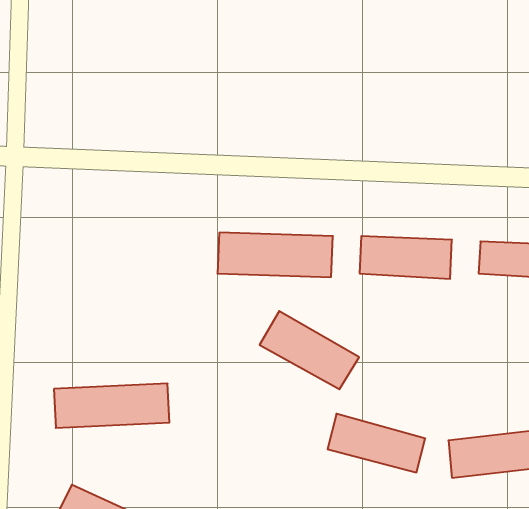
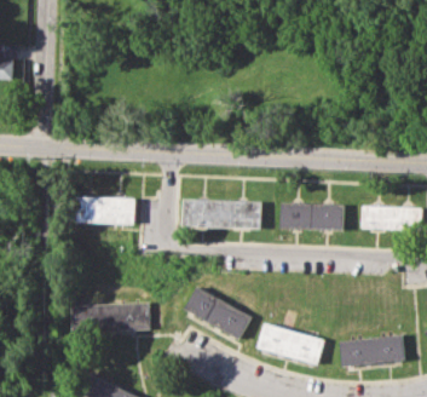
building: none -> [70,196,135,225]
building: [260,311,359,389] -> [184,286,252,339]

